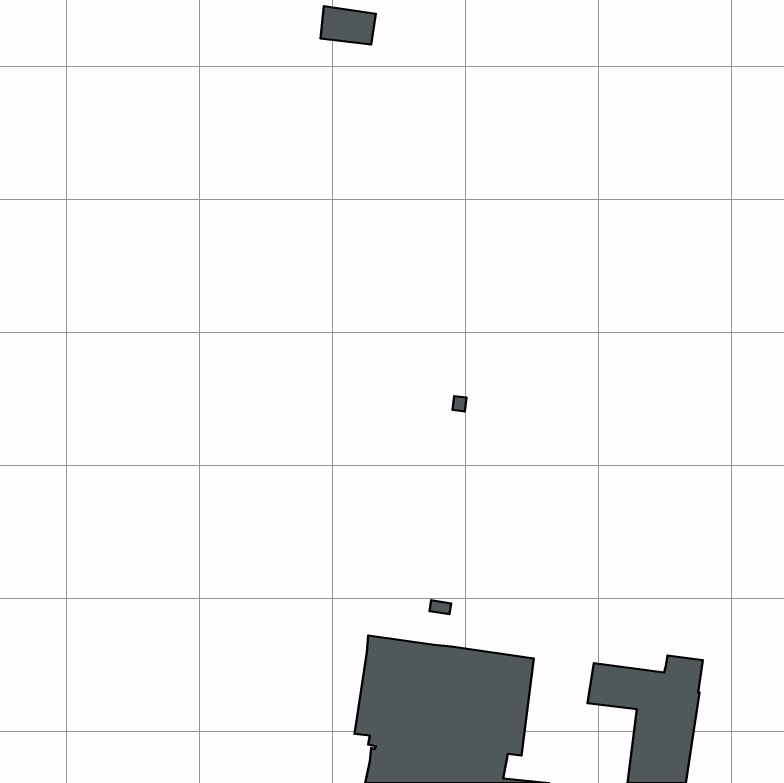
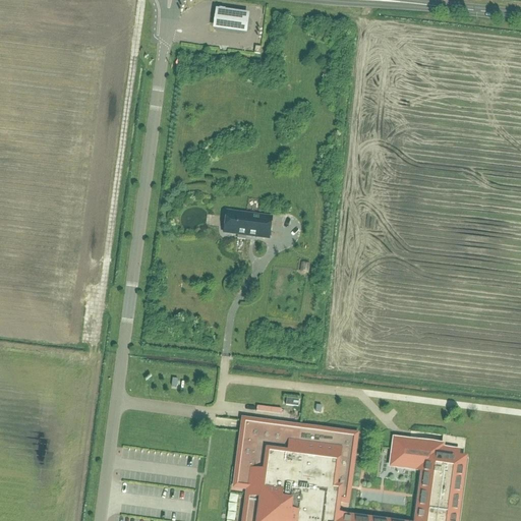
building: none -> [223,212,272,239]

